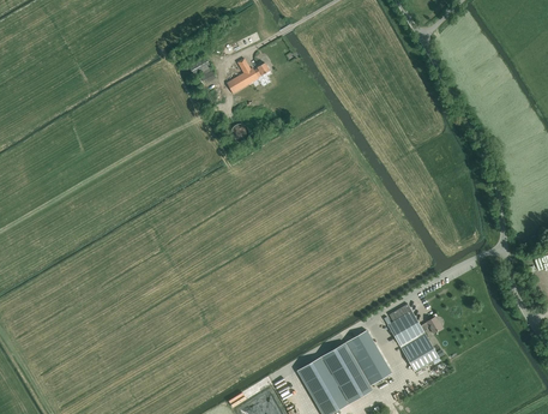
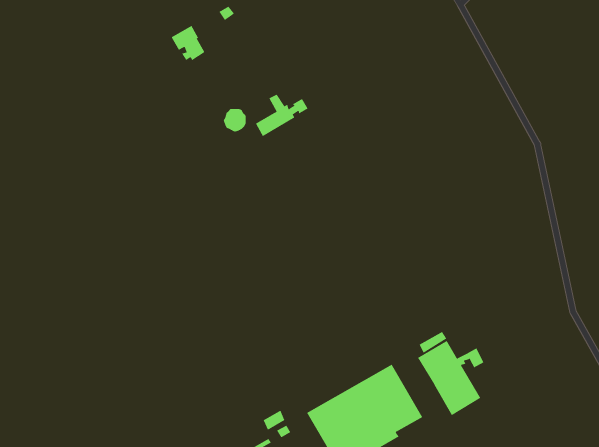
building: [227,58,270,92] -> [255,94,308,137]

